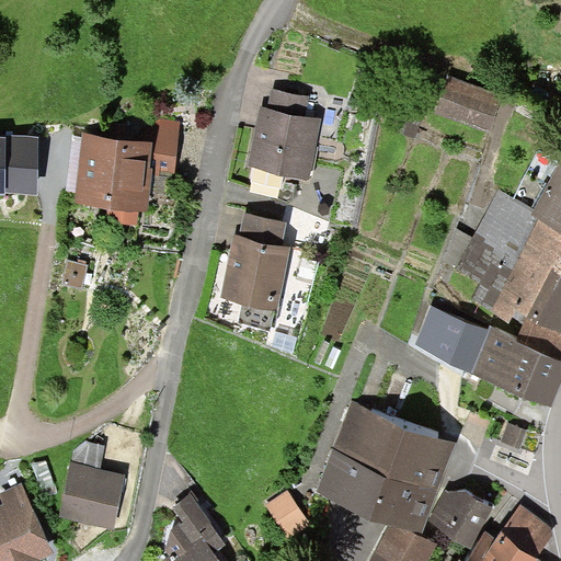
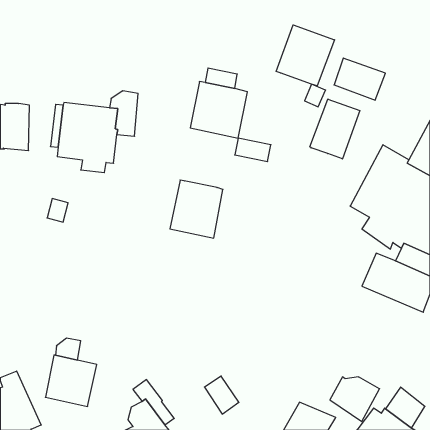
building: none -> [276,25,335,86]
building: none -> [310,99,360,159]
building: [240,214,287,244] -> [235,138,271,162]
building: [414,305,490,373] -> none
building: [318,403,457,533] -> none

